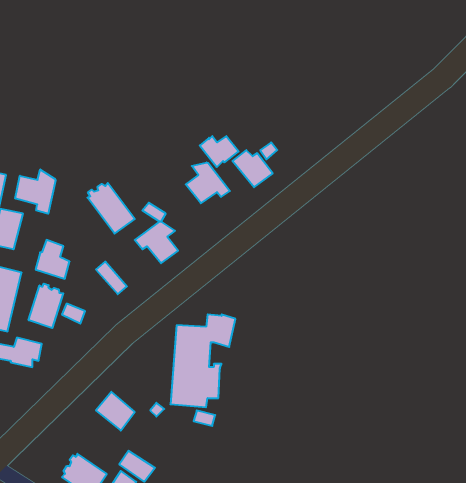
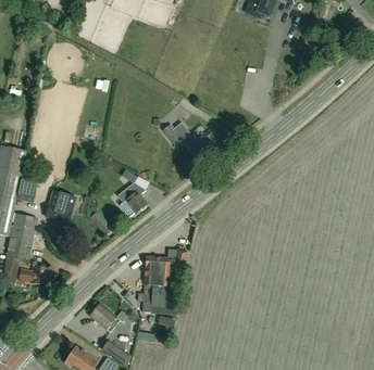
building: [186,162,230,203] -> none
building: [15,169,55,214] -> none
building: [87,183,135,234] -> none
building: [29,284,63,328] -> none

